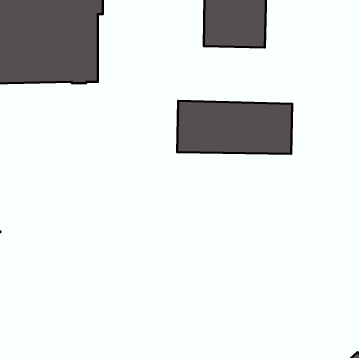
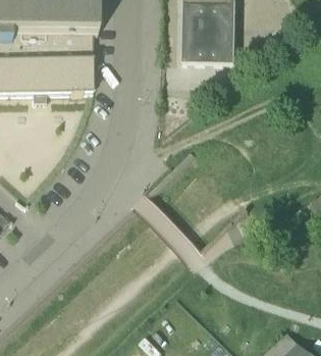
building: [177,101,292,154] -> none

